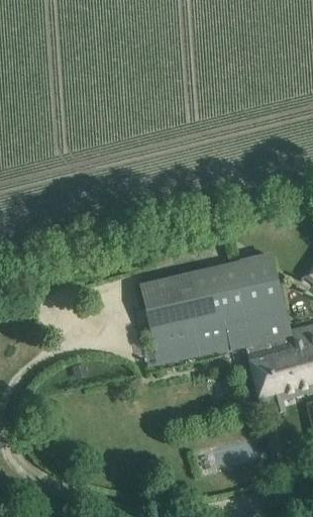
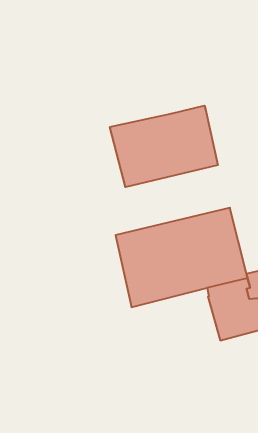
building: none -> [110,106,218,187]

